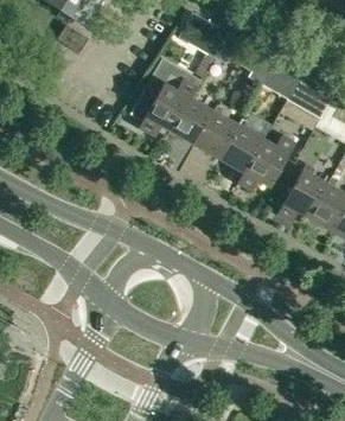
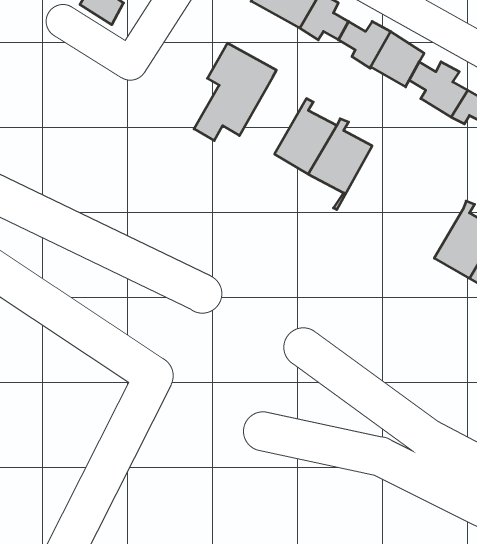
building: [170,90,213,145] -> none
building: [238,135,294,192] -> none
building: [276,164,327,222] -> none

